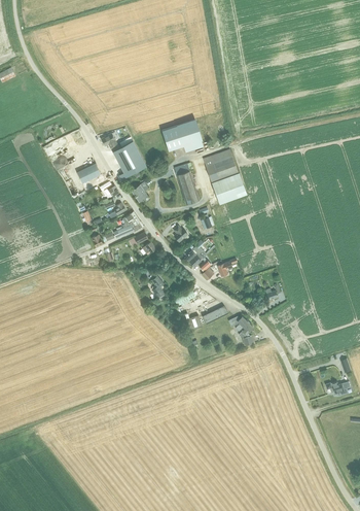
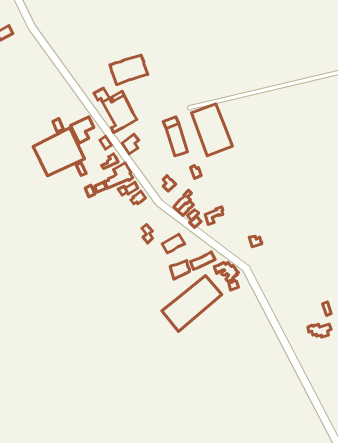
building: [161,120,202,150] -> [110,55,148,84]
building: none -> [33,128,84,176]
building: none -> [162,275,222,331]

